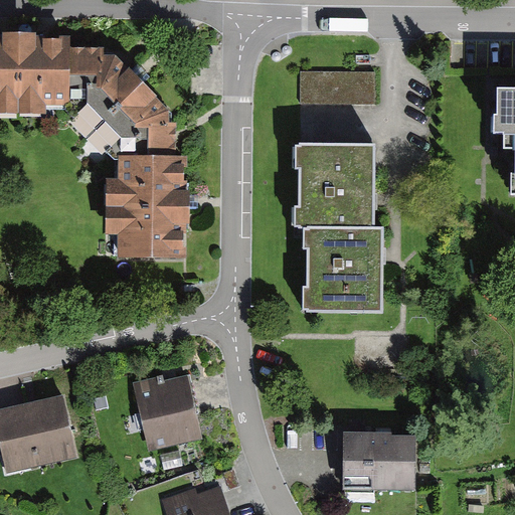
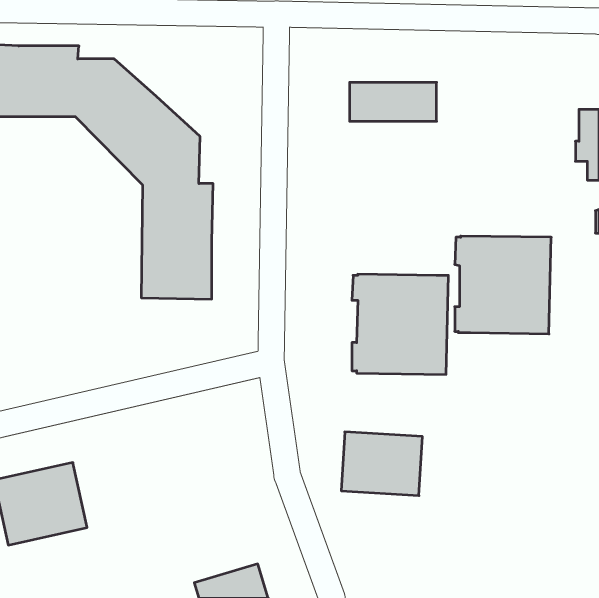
building: [293,152,375,235] -> [455,236,551,334]
building: [138,377,202,445] -> none
building: [345,430,414,484] -> [341,432,422,496]

